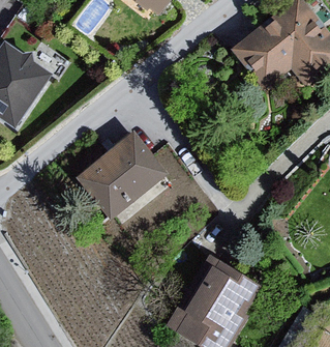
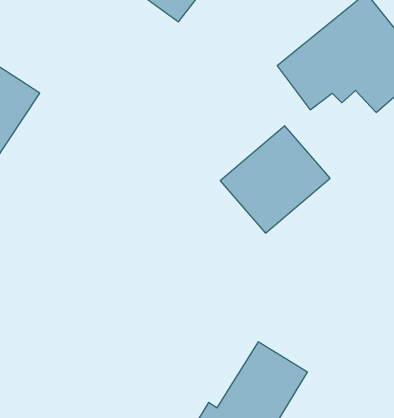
building: [83,129,166,210] -> [220,126,330,233]

